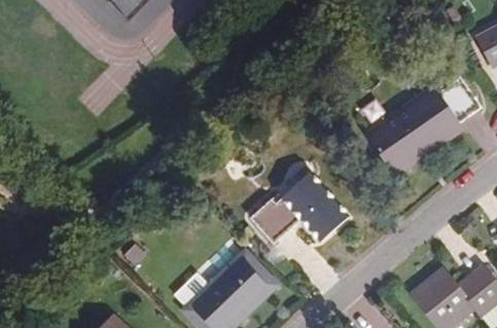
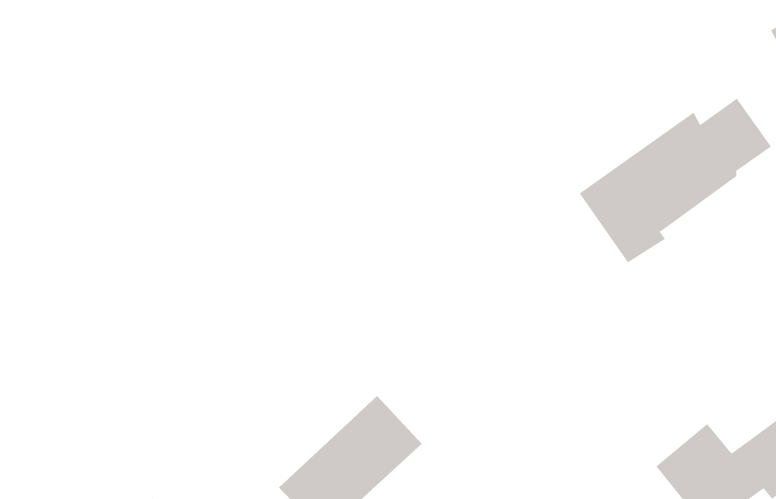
building: [251,172,348,241] -> none

